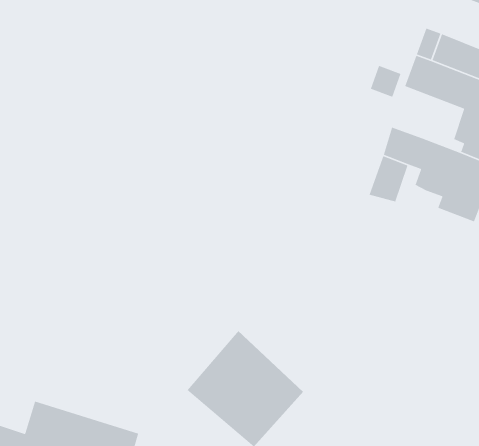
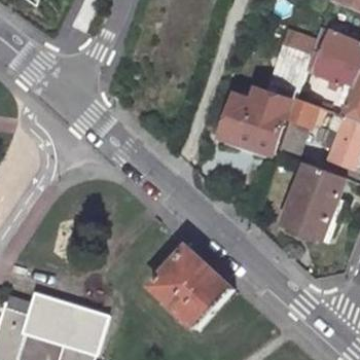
building: none -> [221,88,288,151]
building: none -> [282,161,346,236]

